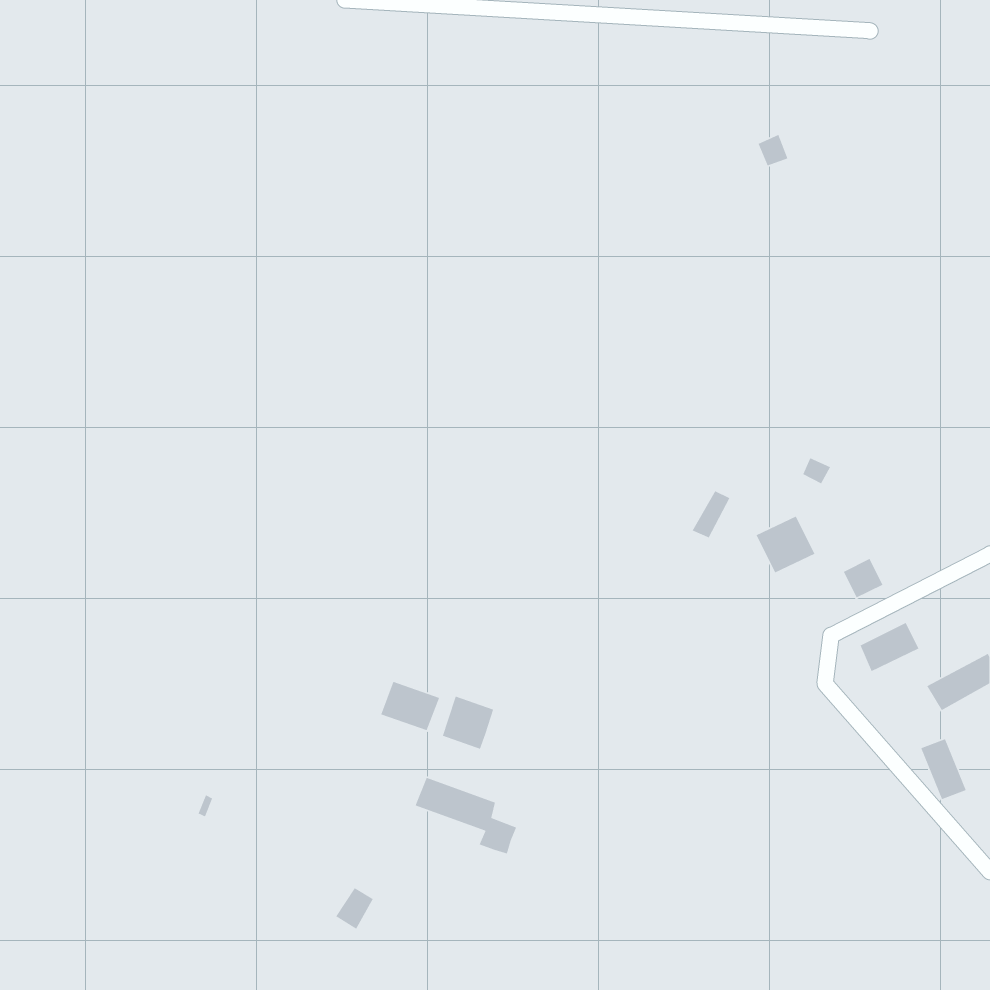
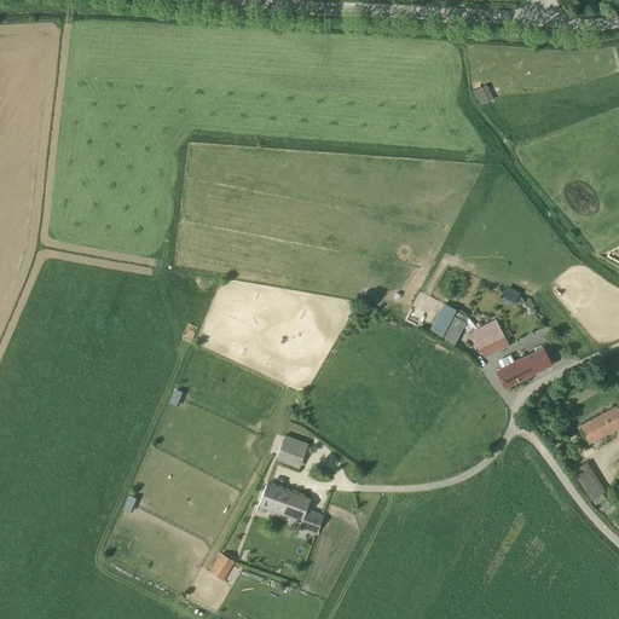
building: [860,622,920,672] -> [497,357,534,388]
building: [380,681,440,731] -> none

